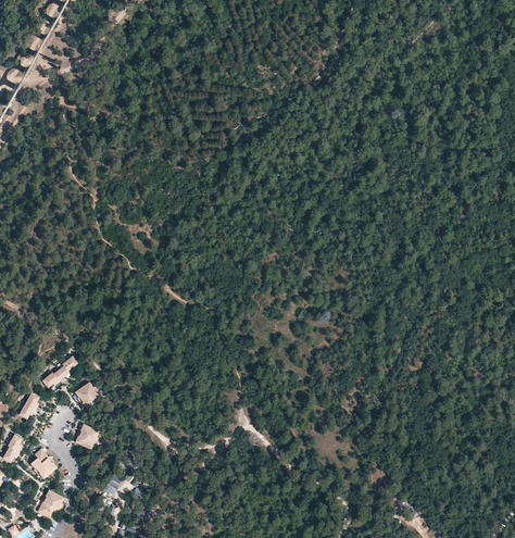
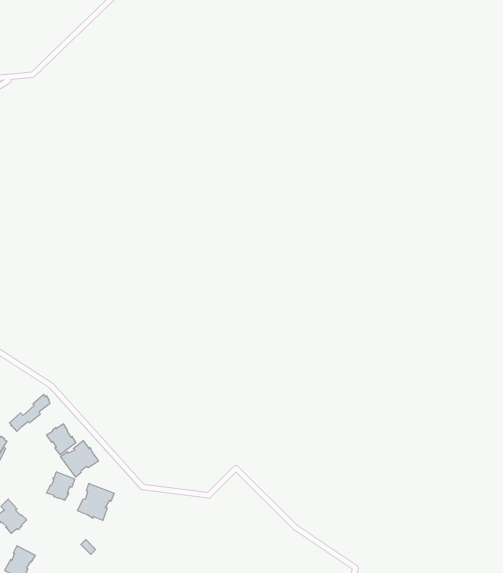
building: none -> [61,441,98,477]
building: none -> [78,483,114,521]

